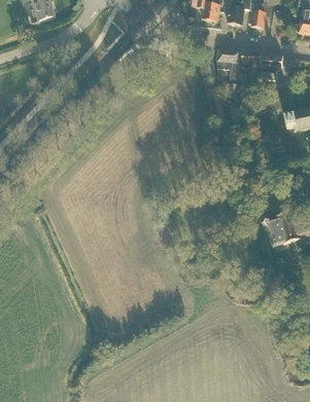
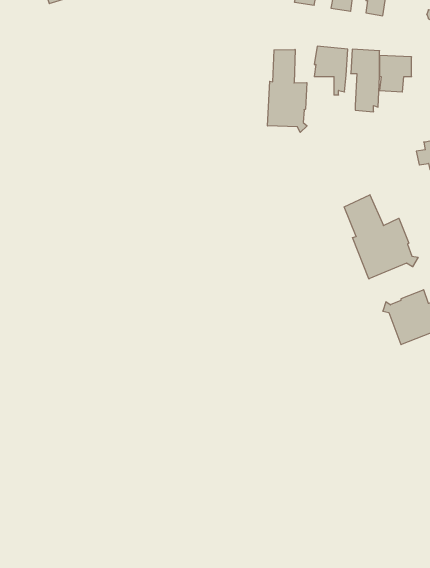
building: none -> [268,49,307,132]
building: none -> [344,195,418,279]

